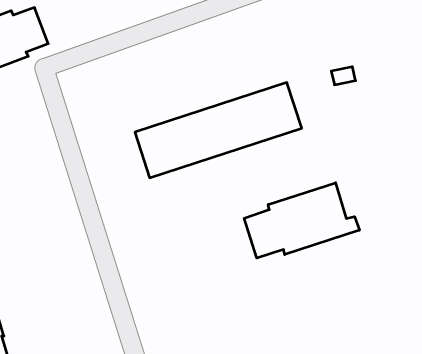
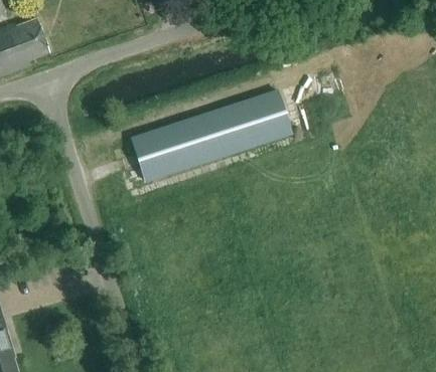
building: [244,183,359,258] -> none

